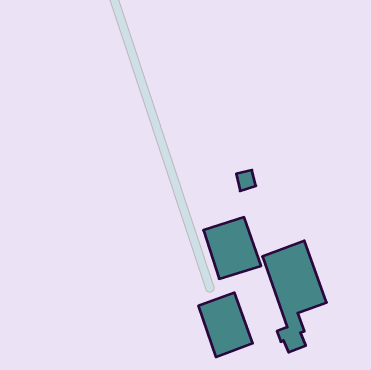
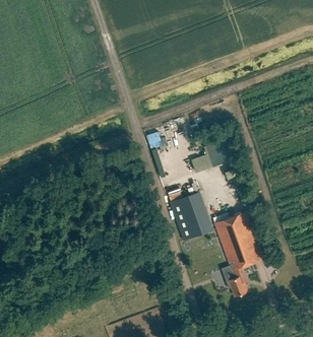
building: [199,293,253,357] -> none

